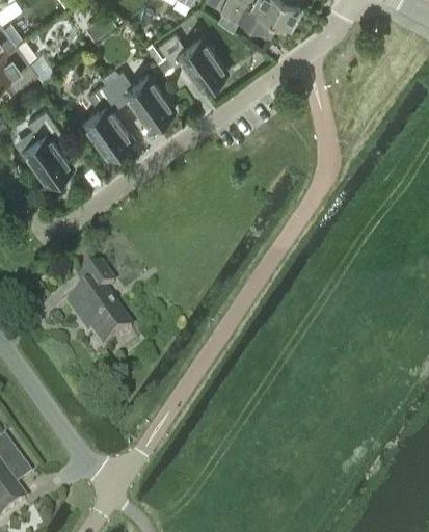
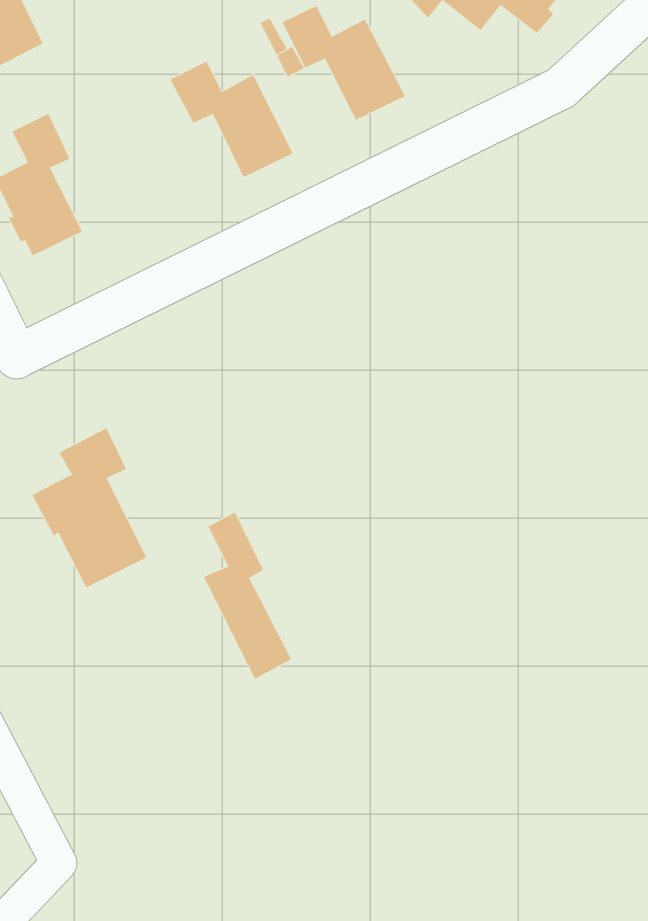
building: [83,82,133,156] -> none
building: none -> [203,512,292,680]

